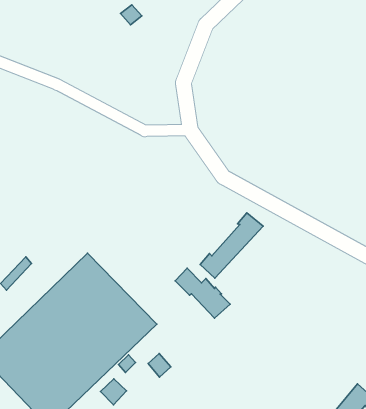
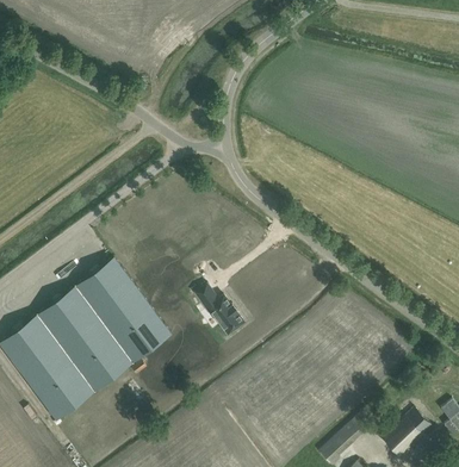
building: [200,213,263,278] -> none

